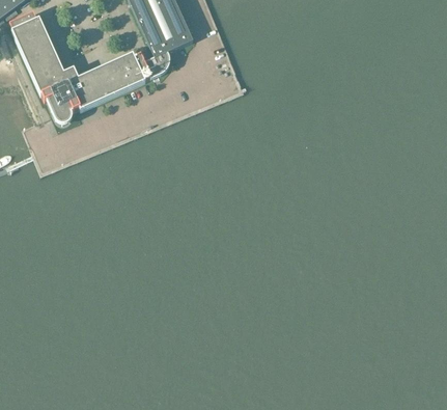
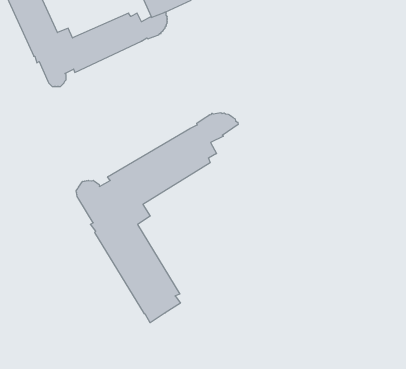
building: none -> [76,113,238,323]

